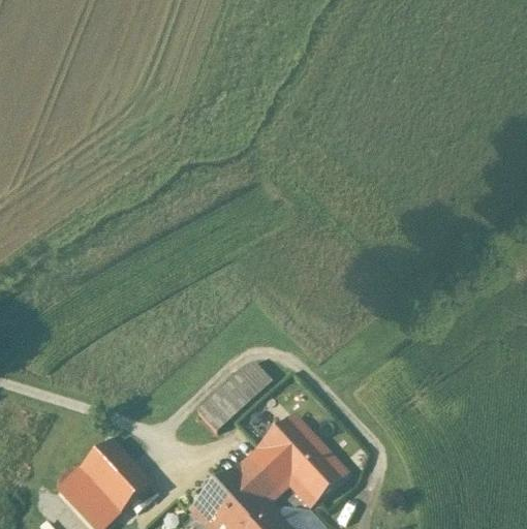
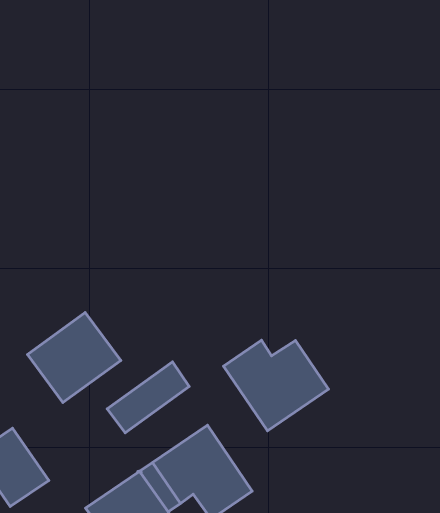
building: none -> [223,340,328,431]
building: none -> [27,313,121,402]

